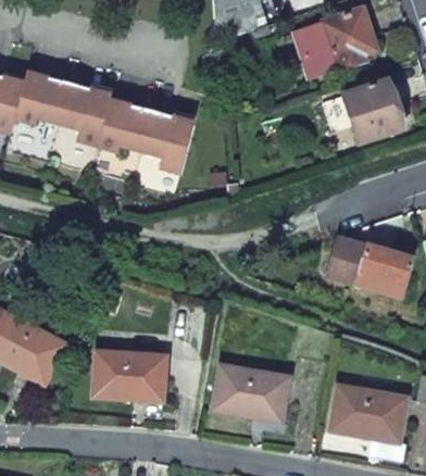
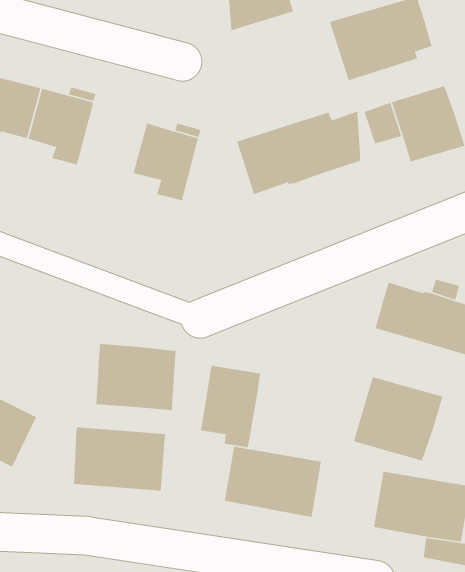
building: [97,100,151,151] -> none
building: none -> [236,110,361,195]
building: none -> [96,343,177,411]
building: none -> [200,365,261,448]
building: none -> [353,376,444,462]

